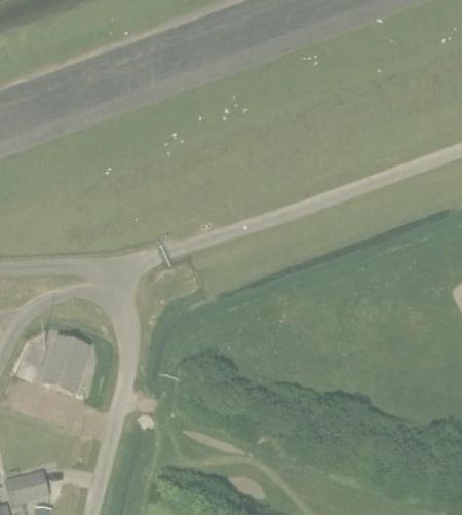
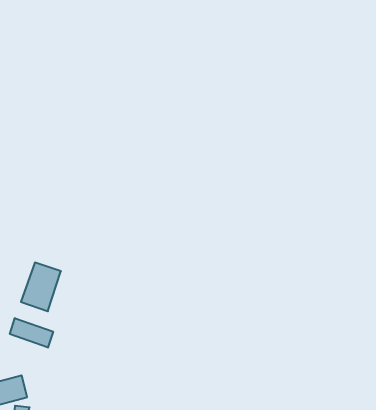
building: none -> [10,318,53,348]

